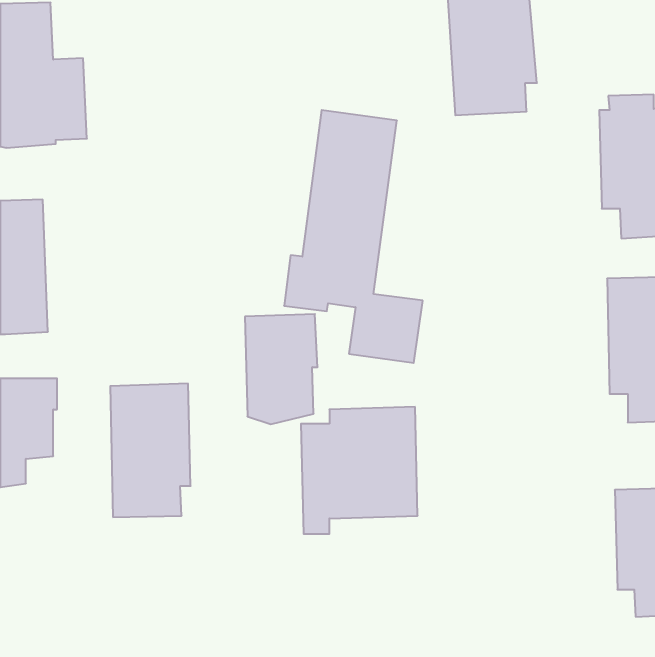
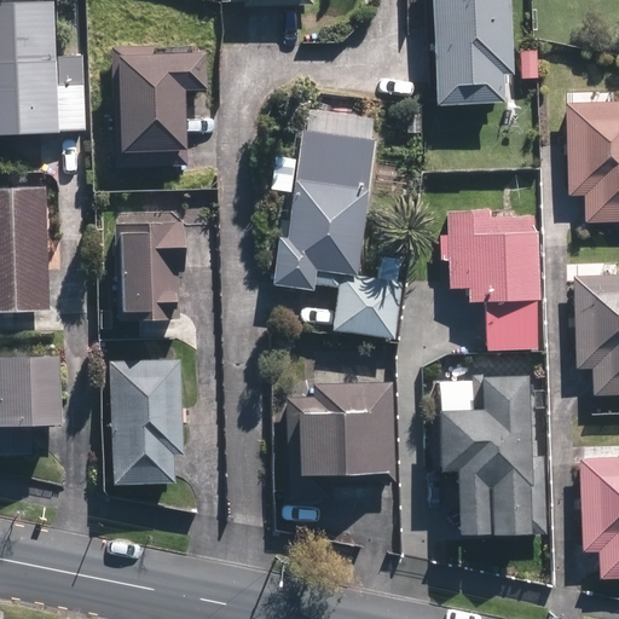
building: none -> [110,45,206,154]
building: none -> [440,209,538,348]
building: [245,314,318,424] -> [116,221,184,324]
building: none -> [433,376,548,537]

